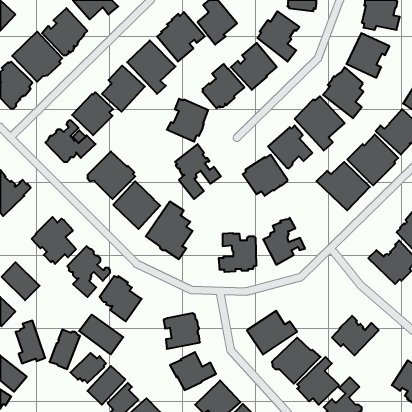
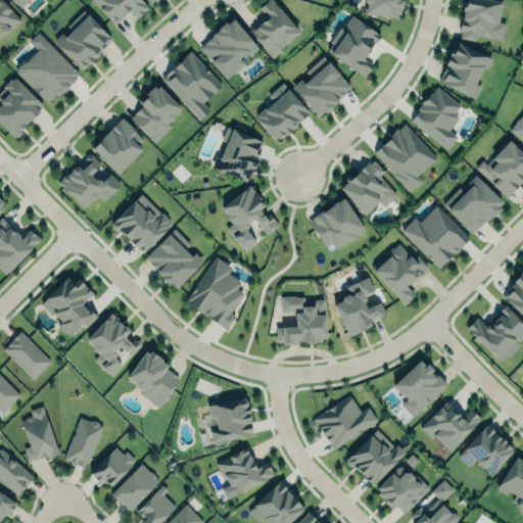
building: none -> [373,245,429,306]
building: none -> [394,360,447,419]
building: [79,315,123,354] -> none
building: none -> [458,423,513,474]

